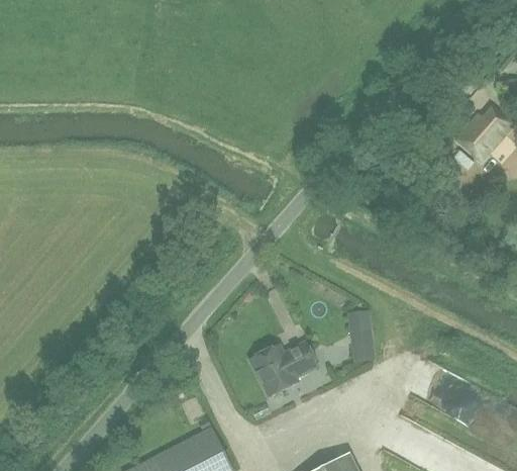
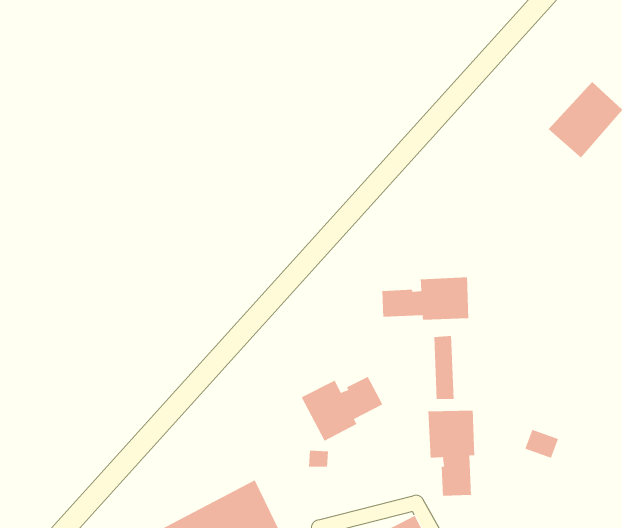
building: none -> [382,276,469,321]
building: none -> [428,410,475,497]

